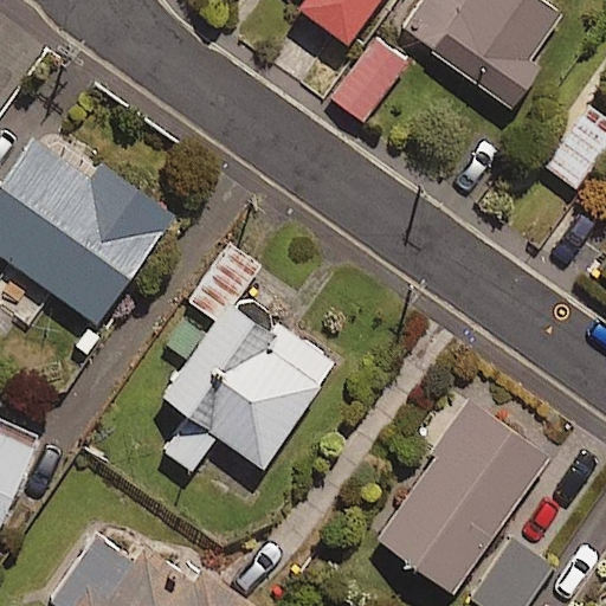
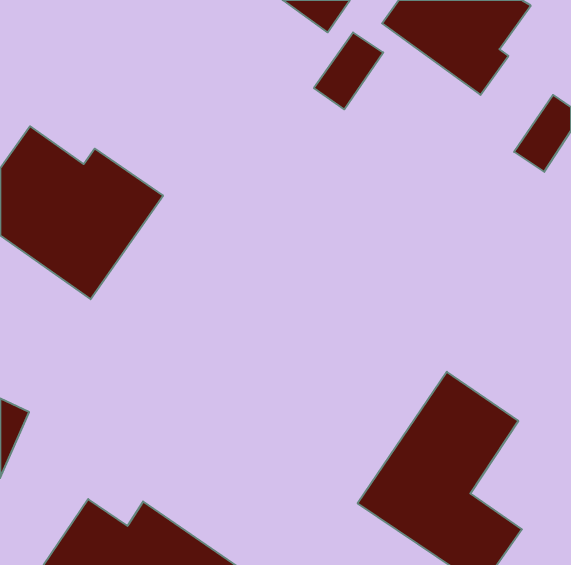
building: [165,247,331,470] -> none

